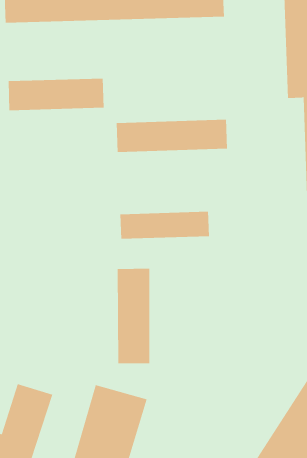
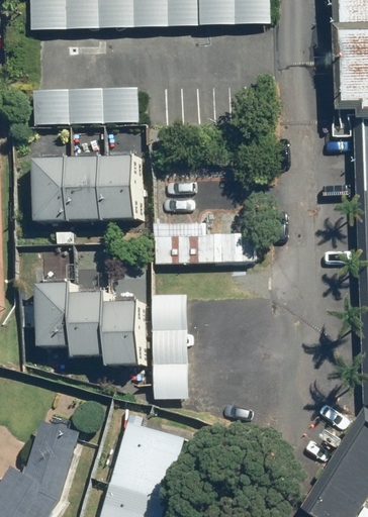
building: [116,119,227,153] -> none
building: none -> [33,158,136,223]
building: none -> [35,284,139,367]

